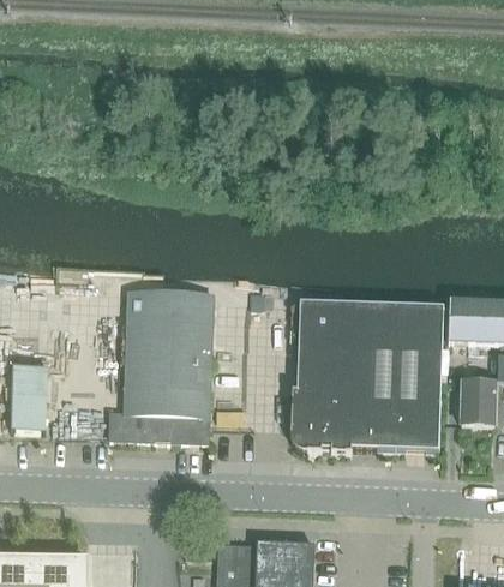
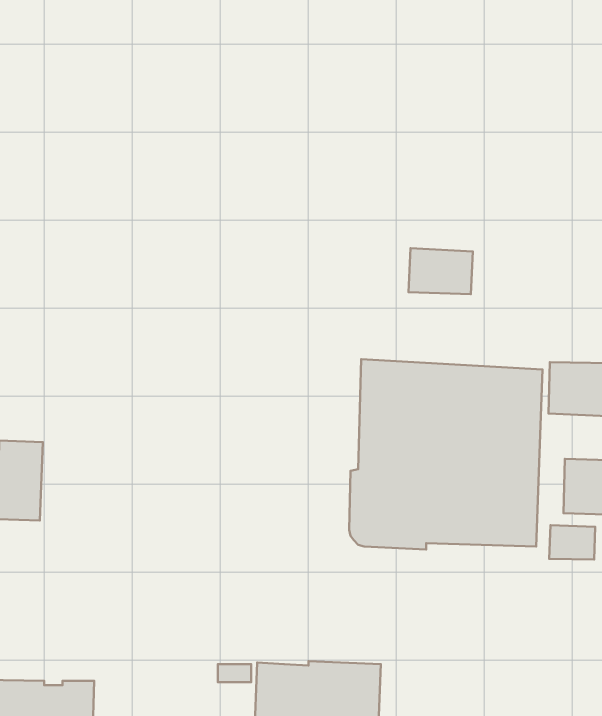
building: none -> [408,248,473,294]
building: [110,288,214,438] -> none
building: none -> [549,525,595,559]

